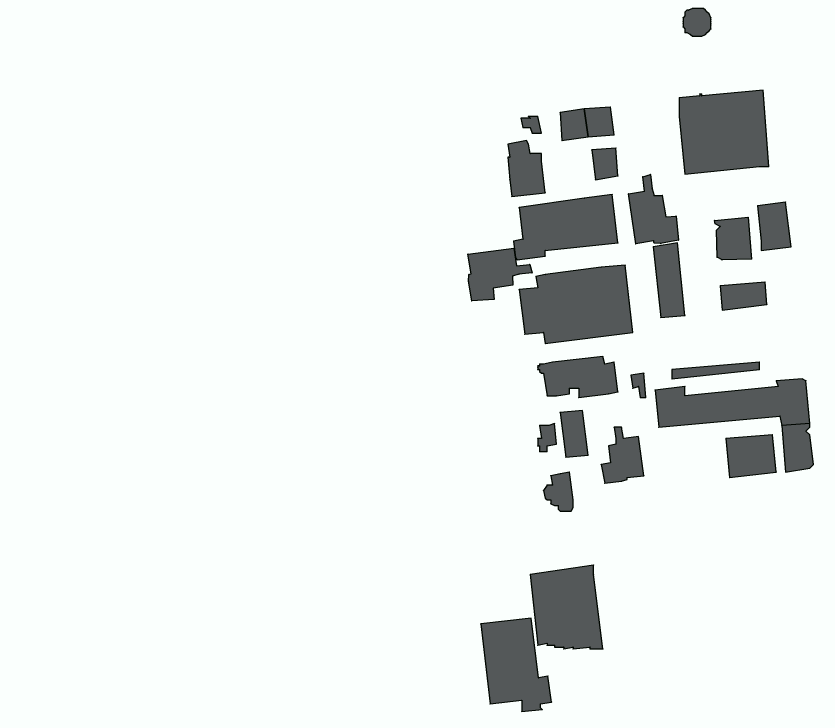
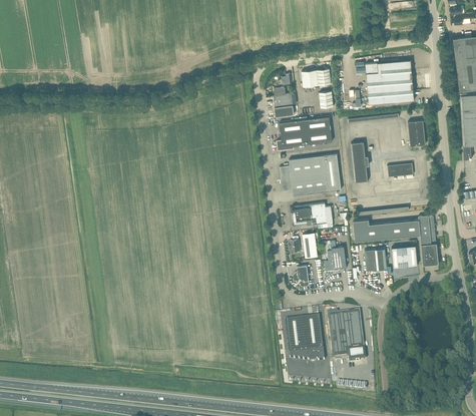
building: [629,174,678,244] -> none
building: [715,217,752,260] -> none
building: [468,248,532,301] -> none
building: none -> [365,249,387,270]
building: [481,618,552,711] -> [328,311,366,361]

